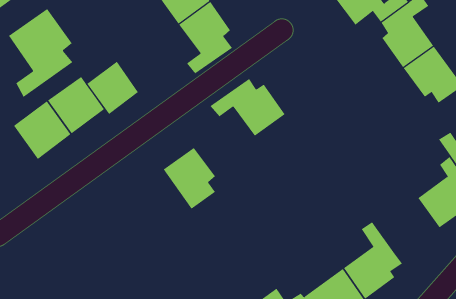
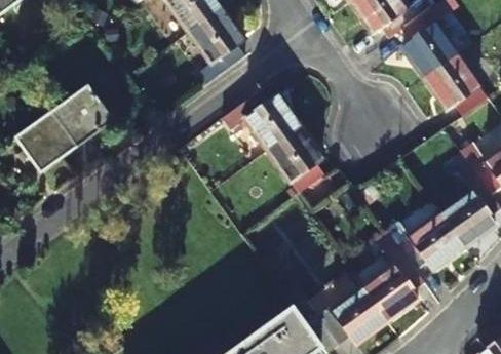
building: [8,8,73,98] -> none
building: [87,61,139,115] -> none
building: [163,147,216,210] -> [269,124,324,190]
building: none -> [397,212,463,269]

